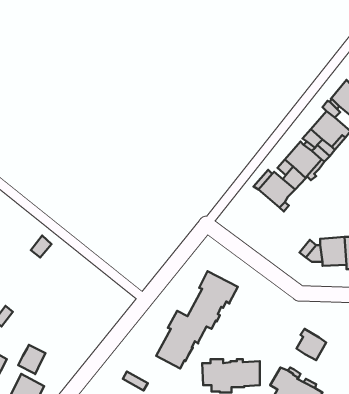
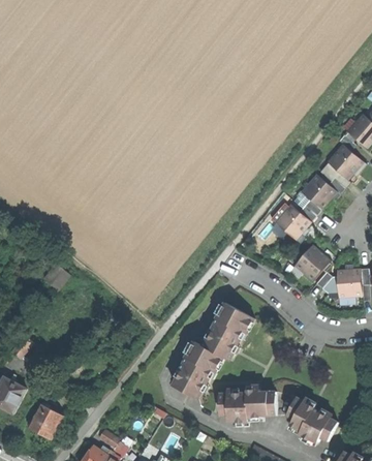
building: none -> [292,244,329,280]
building: [297,329,326,360] -> none
building: [18,345,45,374] -> none

